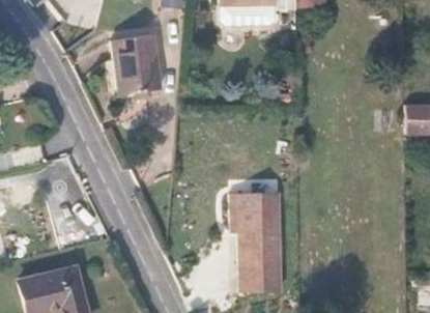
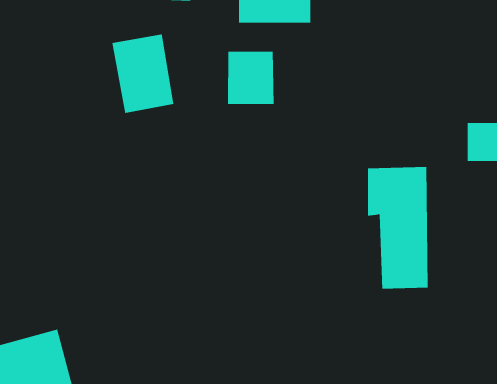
building: none -> [227,51,274,105]
building: [230,189,279,286] -> [367,166,428,289]

